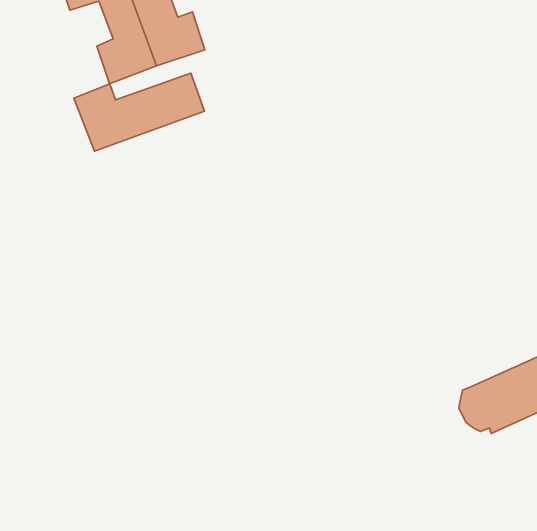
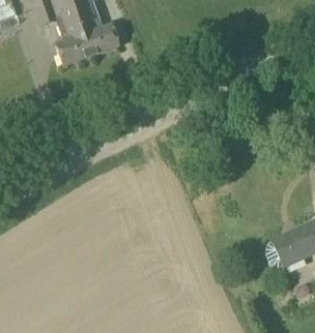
building: [74,73,205,151] -> none

